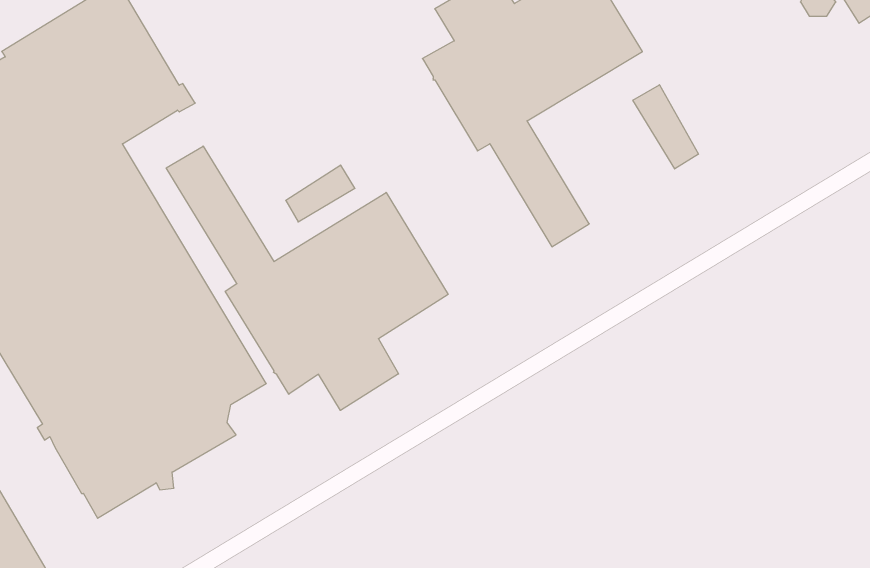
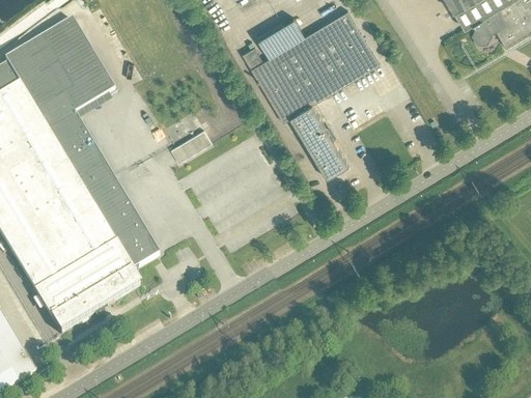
building: [633,85,698,169] -> none
building: [166,146,448,410] -> none

